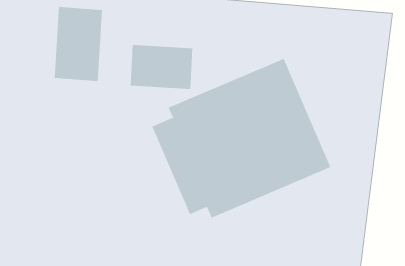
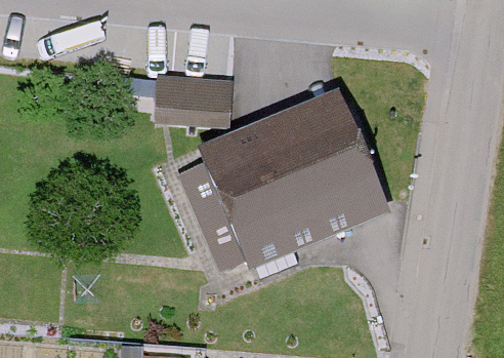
building: [54,6,103,82] -> none

